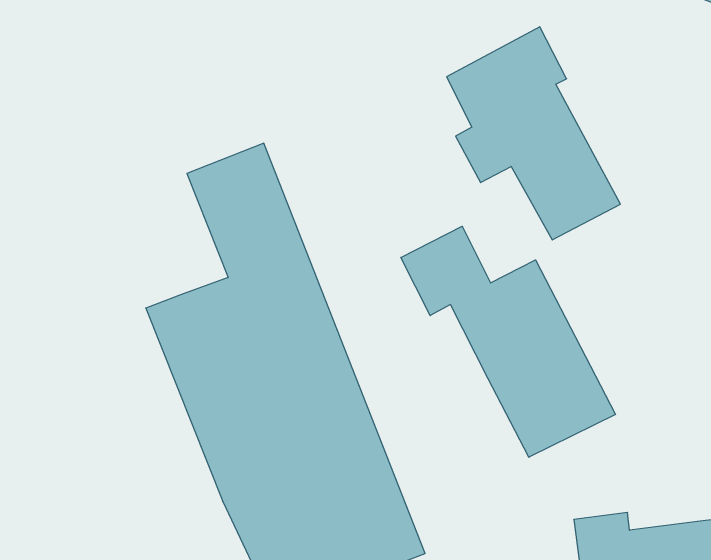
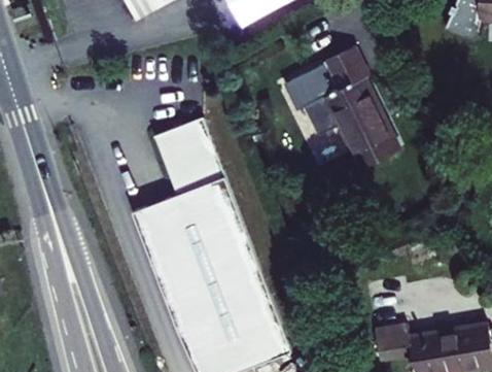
building: [401,226,615,457] -> none

